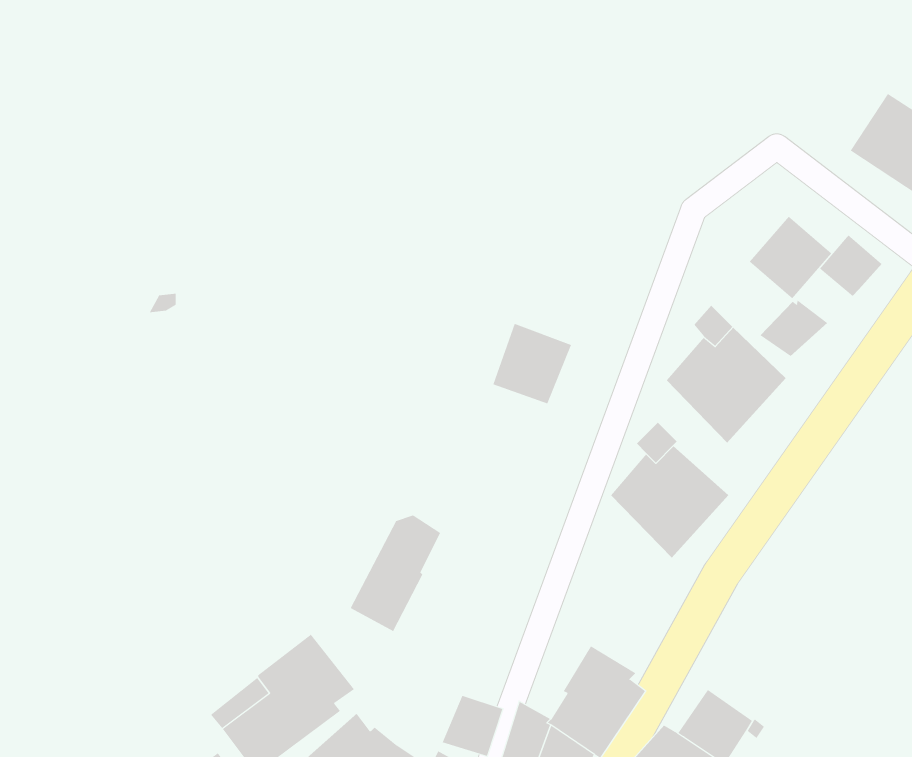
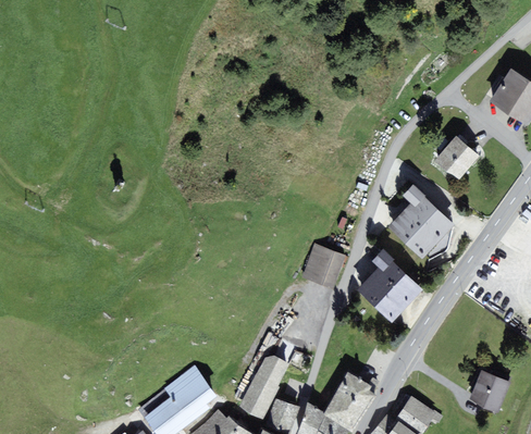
building: [819,234,882,297] -> none
building: [759,299,828,357] -> none
building: [492,323,572,404] -> [302,244,346,288]
building: [350,515,441,632] -> [239,355,289,419]
building: none -> [469,370,511,412]

